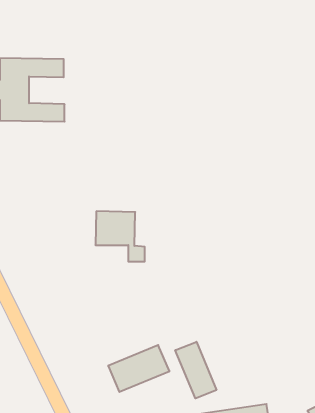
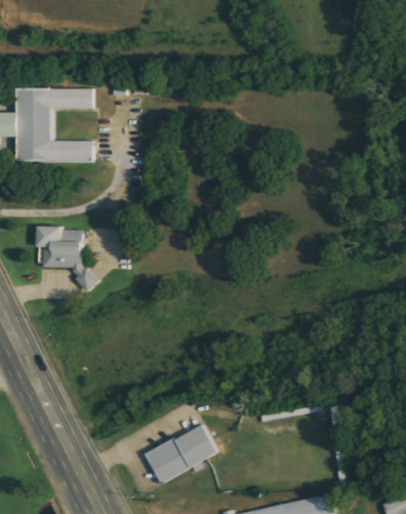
building: [95,211,145,262] -> [35,228,93,287]
building: [175,342,216,398] -> none

